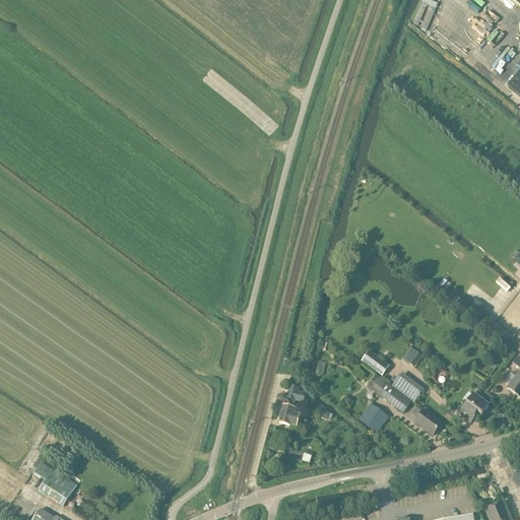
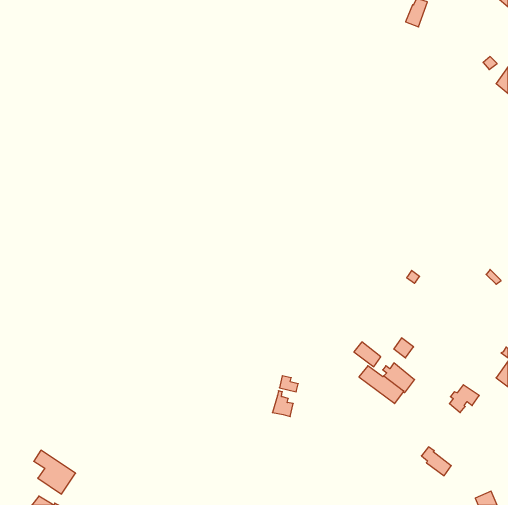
building: [359,402,389,432] -> none
building: [410,404,441,434] -> [421,447,451,476]

